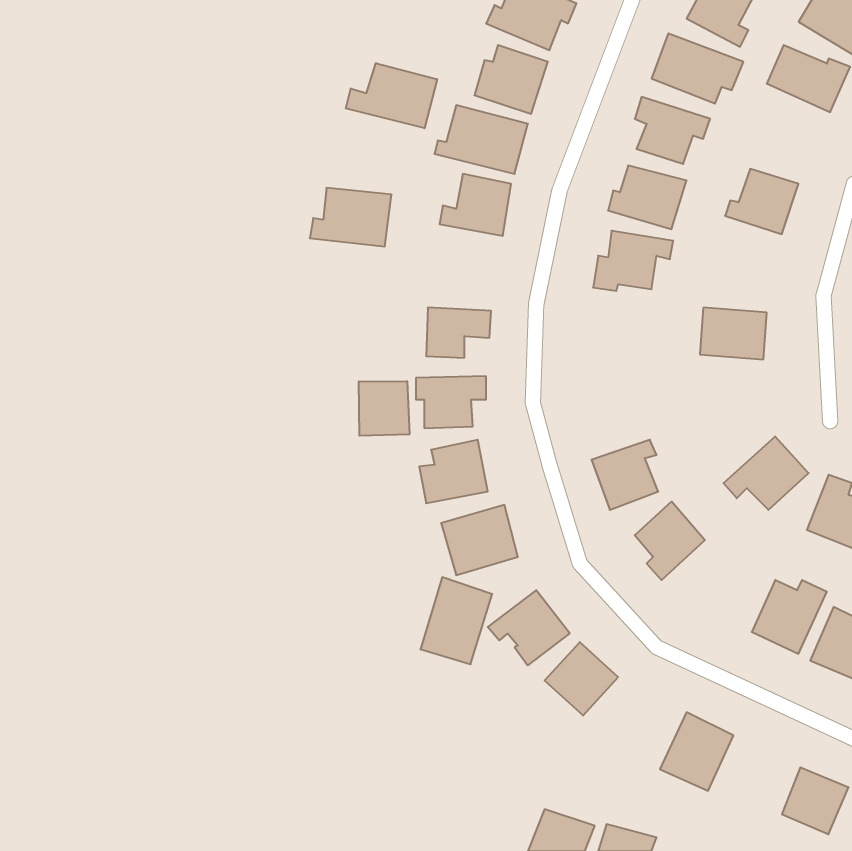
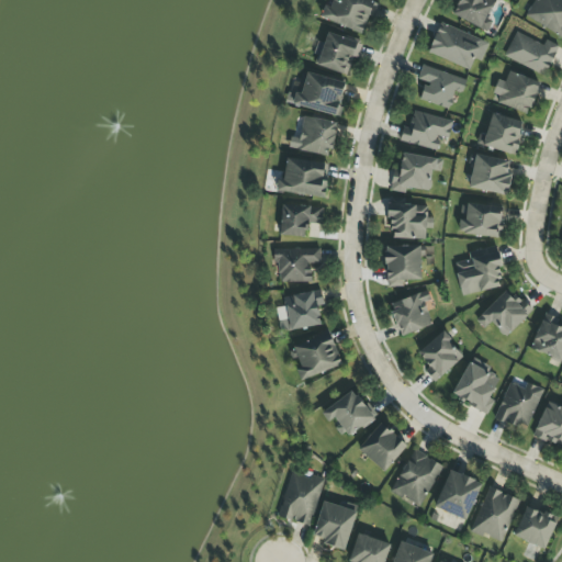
building: [346,63,437,128] -> none
building: none -> [494,69,541,113]
building: [310,188,392,246] -> [277,157,330,195]
building: none -> [470,154,513,193]
building: none -> [390,201,434,237]
building: none -> [386,244,424,285]
building: none -> [454,244,503,294]
building: [359,381,409,436] -> none
building: none -> [452,361,501,412]
building: [420,577,492,664] -> [278,468,325,525]
building: none -> [392,448,442,505]
building: none -> [472,485,519,541]
building: none -> [313,499,358,549]

